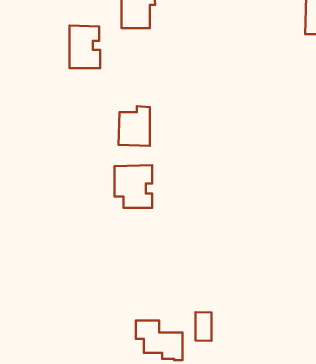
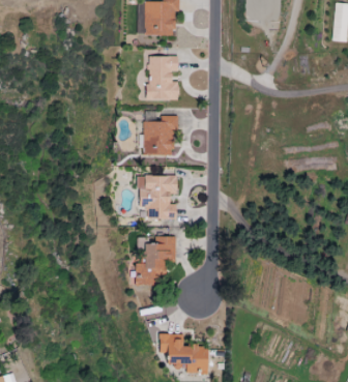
building: [70,26,100,68] -> [147,56,178,99]
building: none -> [135,236,175,286]
building: [195,312,211,341] -> none

